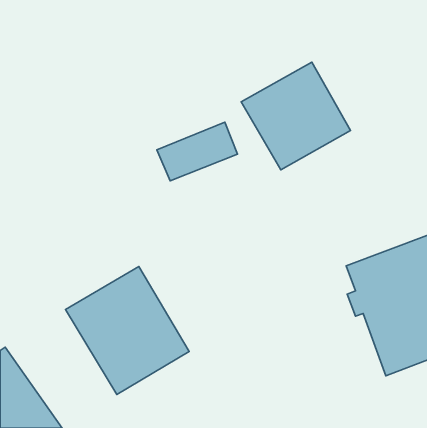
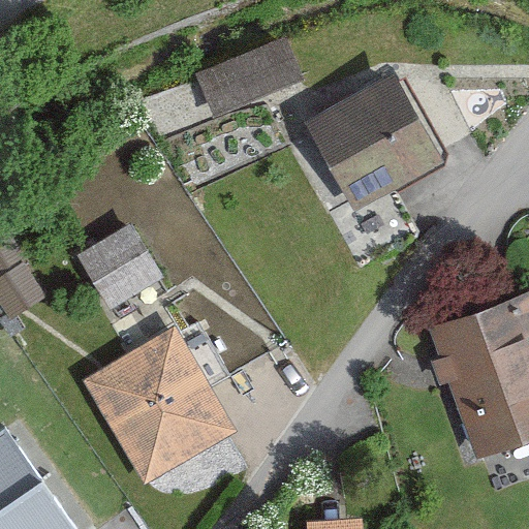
building: [157,122,237,181] -> [197,40,297,113]
building: none -> [72,226,158,311]

